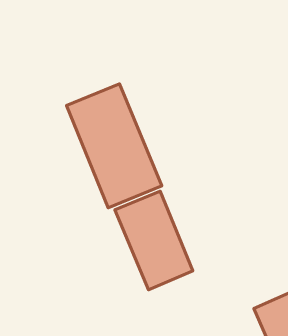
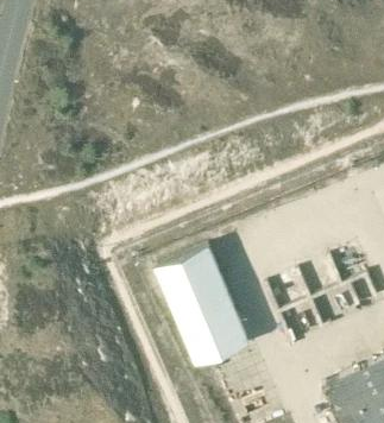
building: [66,84,162,208] -> none

